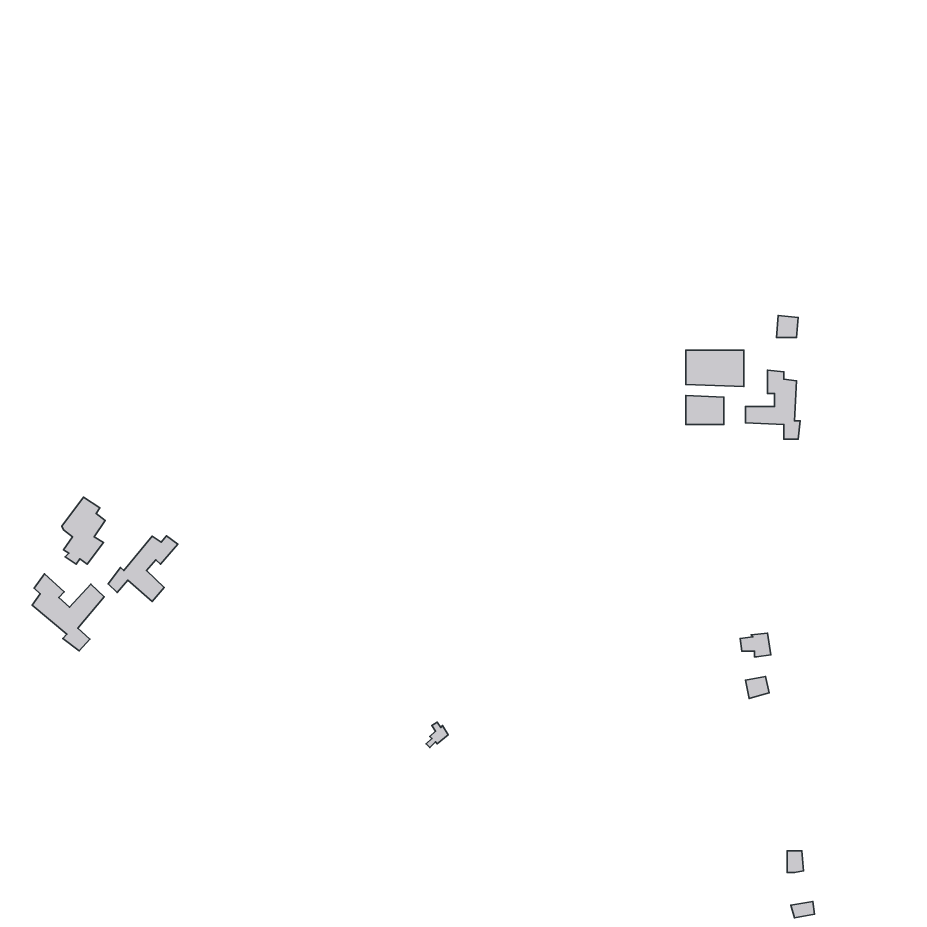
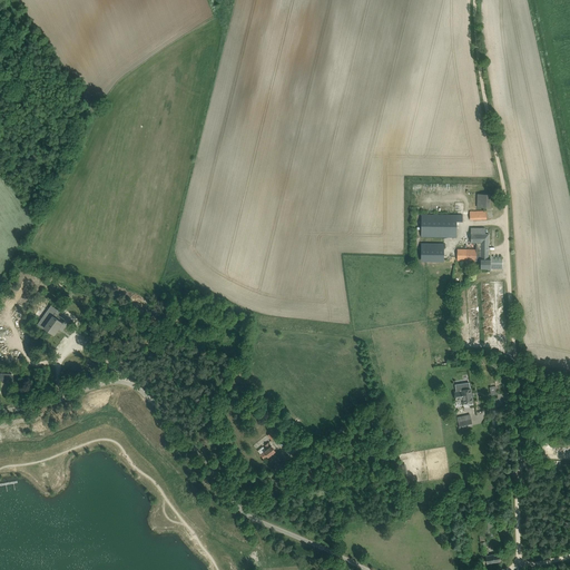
building: [108,536,178,601] -> none
building: [32,574,104,651] -> none

